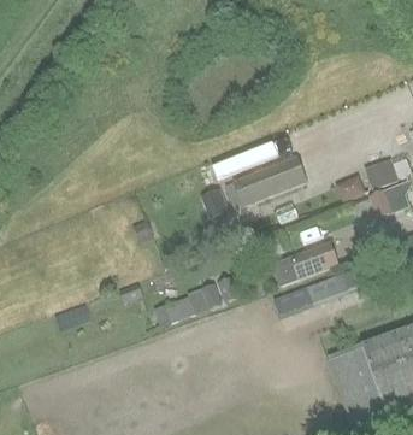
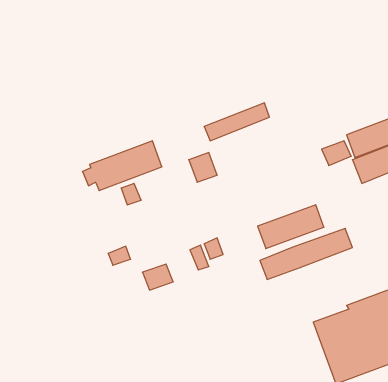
building: [225,154,306,205] -> [82,141,162,191]

